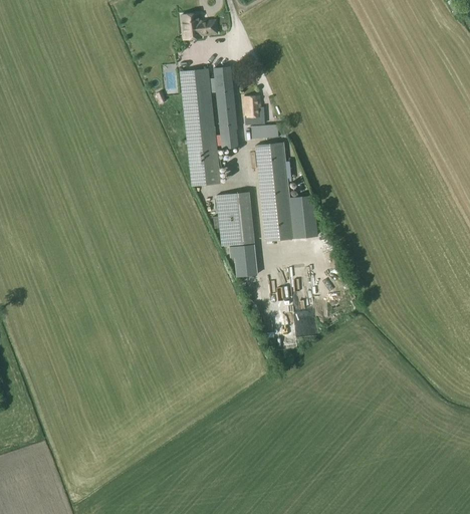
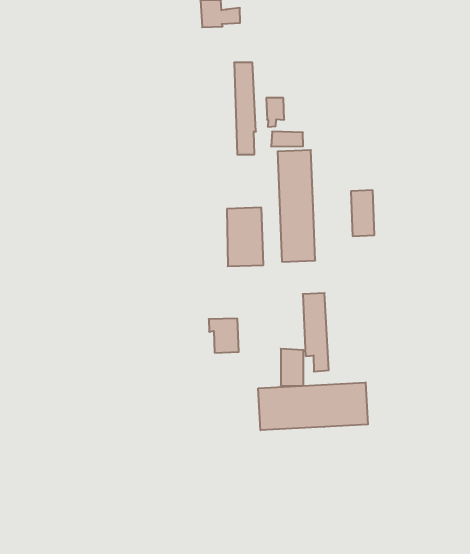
building: [180,69,220,186] -> none
building: [292,196,315,237] -> [351,190,374,236]
building: [229,244,257,275] -> [209,319,239,353]
building: none -> [258,382,368,430]

